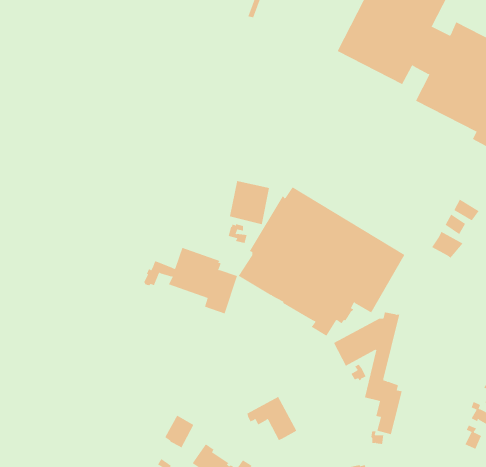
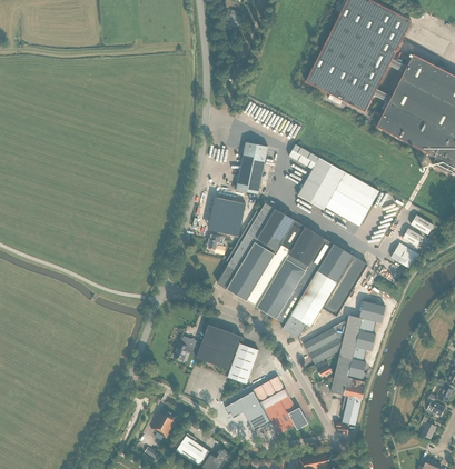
building: none -> [233,141,268,193]
building: none -> [289,143,379,226]
building: [143,247,238,314] -> [174,323,258,383]
building: none -> [348,300,385,378]
building: none -> [255,376,308,433]

